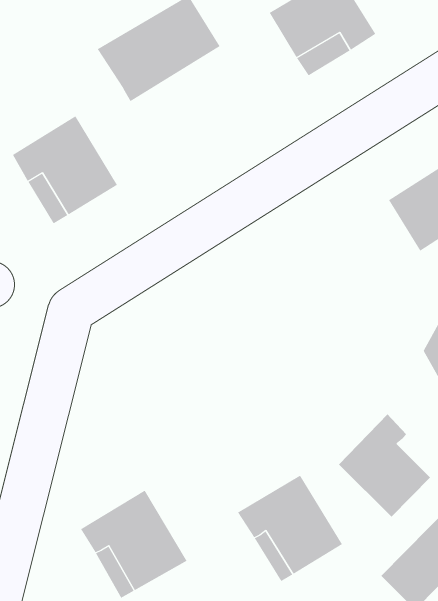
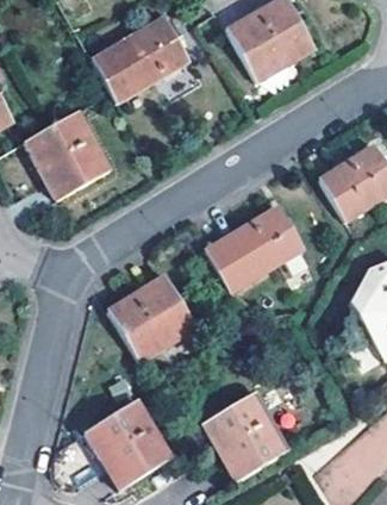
building: none -> [208,206,310,289]
building: none -> [110,274,196,360]
building: [338,414,431,517] -> none

